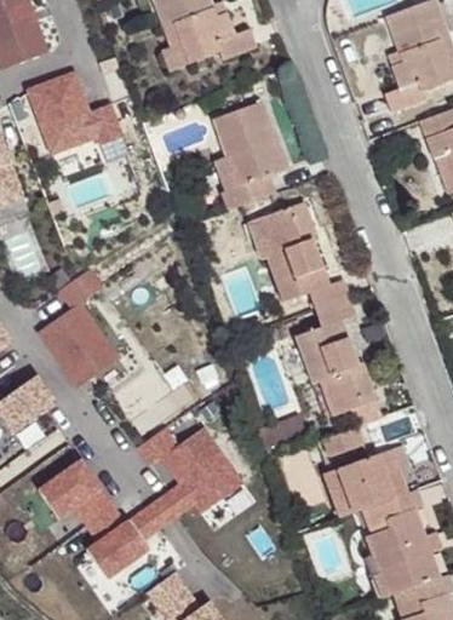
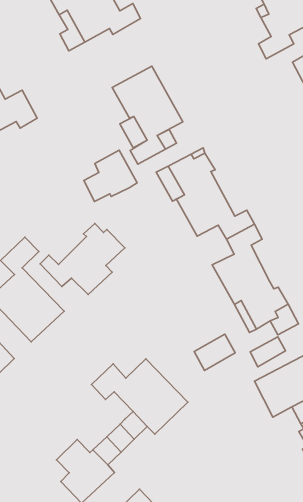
building: none -> [84,150,137,202]
building: none -> [40,224,125,295]
building: [39,463,113,527] -> none

